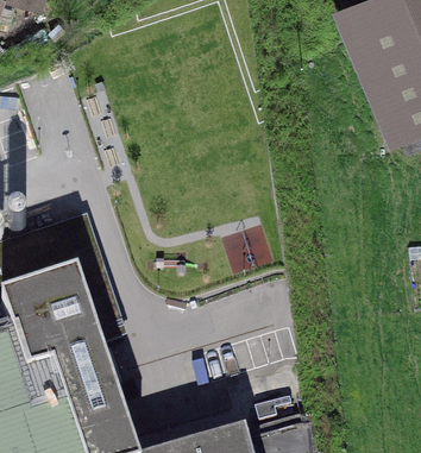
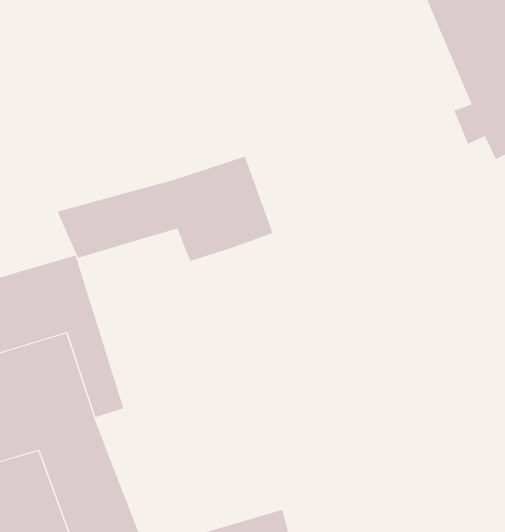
building: none -> [57,156,273,262]

